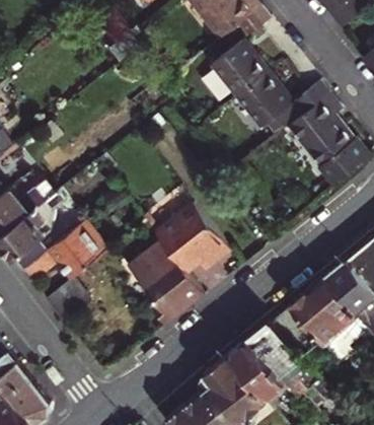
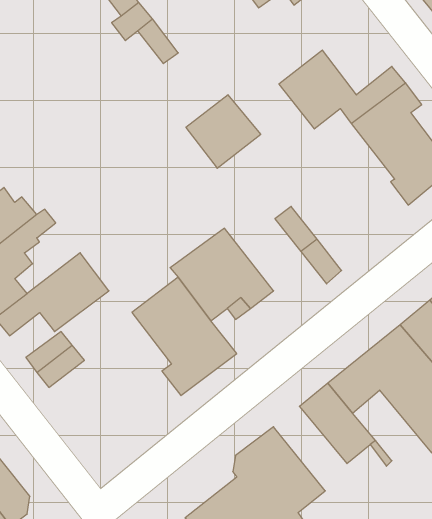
building: [212,41,268,95] -> [186,95,261,168]
building: [231,336,296,407] -> none

